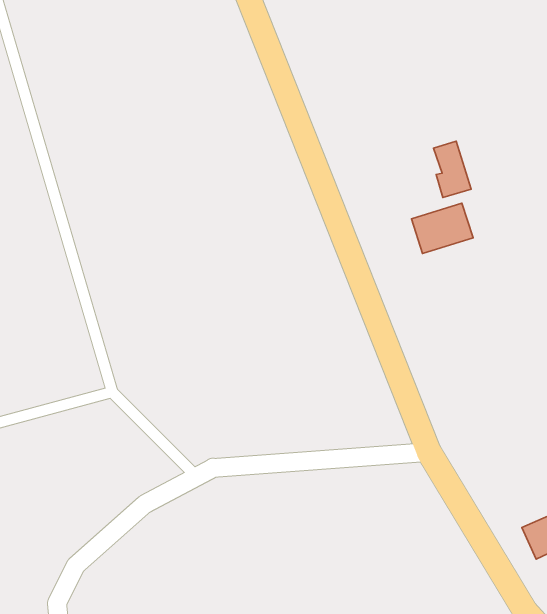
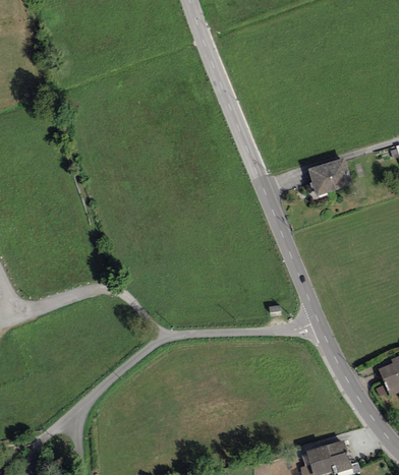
building: [434,141,471,198] -> none

